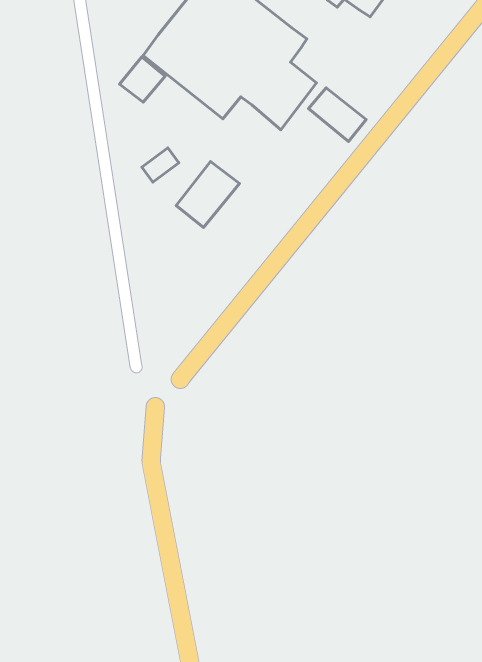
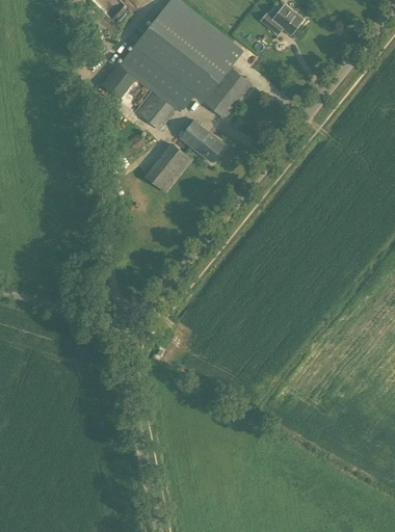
building: [308,88,366,142] -> [180,122,223,162]
building: none -> [136,91,176,130]

